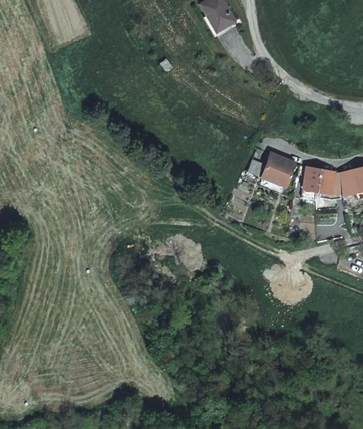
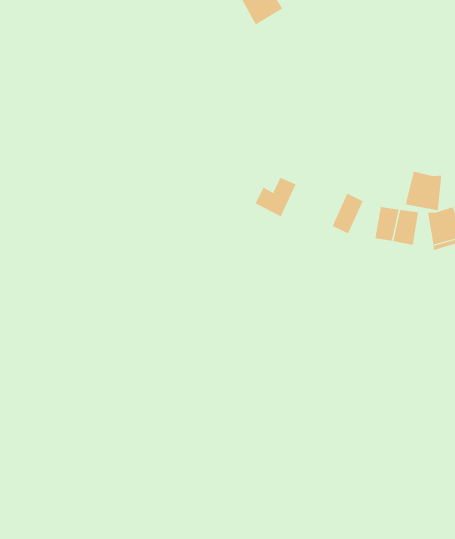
building: none -> [405,171,442,211]
building: [253,151,283,180] -> [255,177,297,217]

